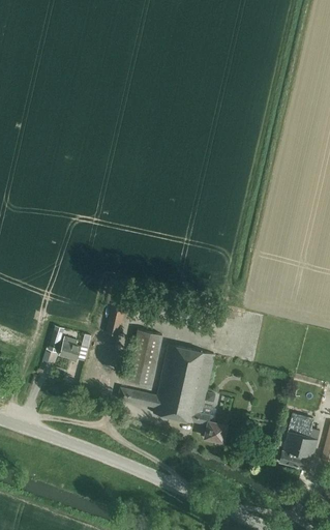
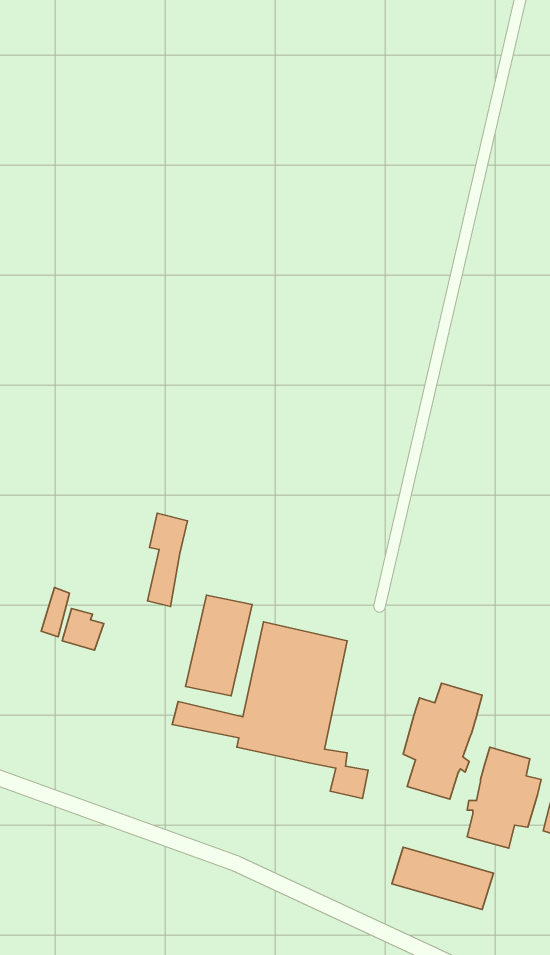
building: none -> [403,683,482,799]
building: none -> [392,847,494,910]

